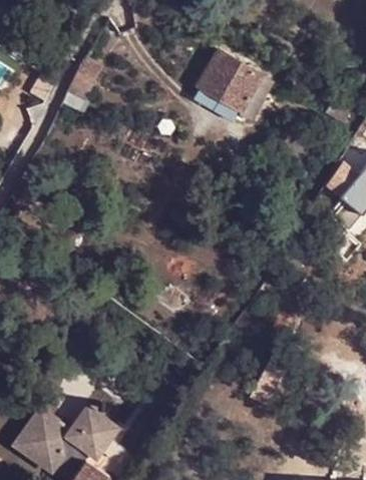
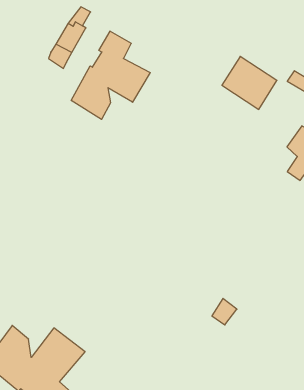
building: [201,54,261,111] -> [222,56,277,109]
building: none -> [71,31,150,119]

